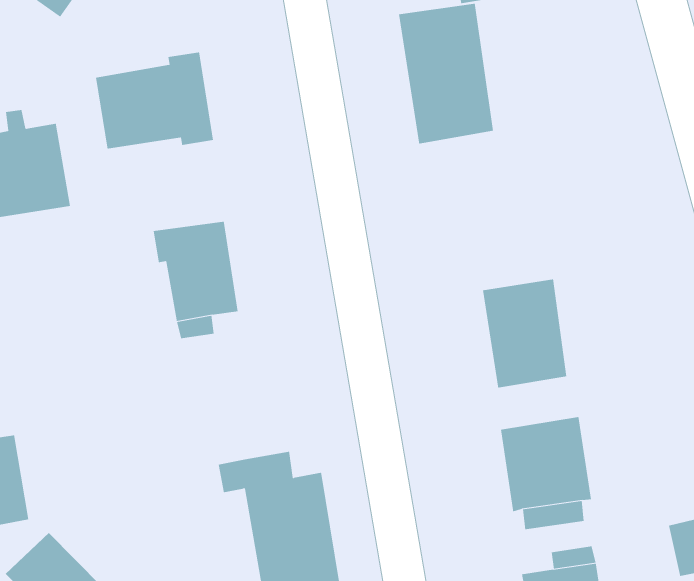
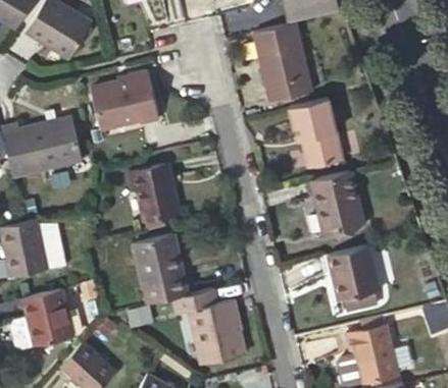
building: none -> [290,108,344,176]
building: none -> [134,231,189,300]

